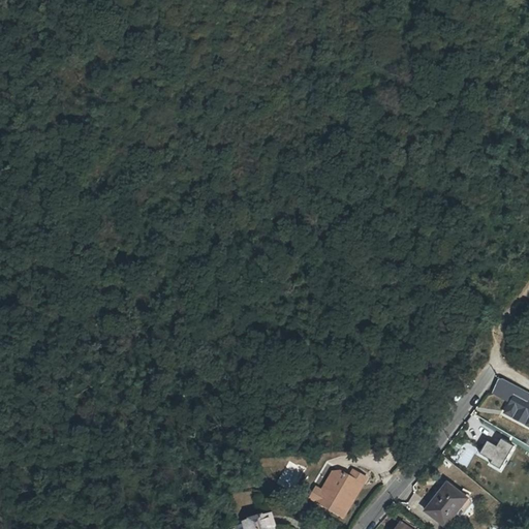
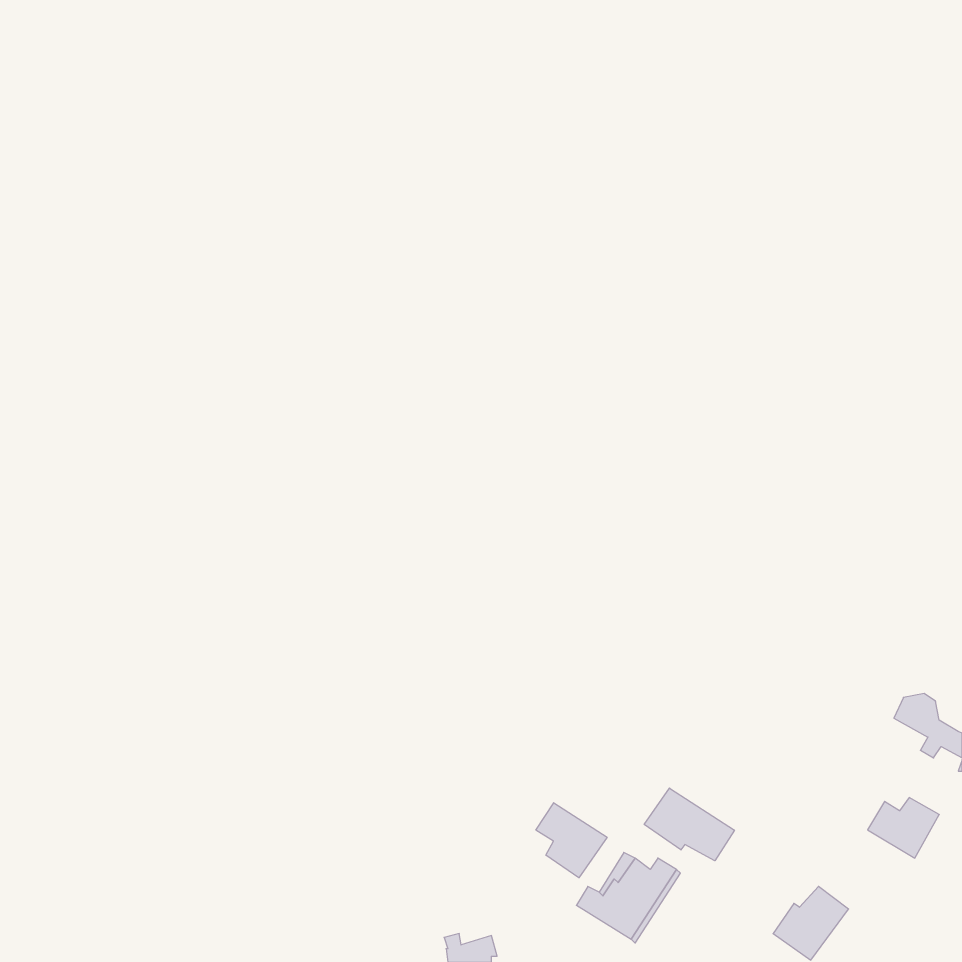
building: none -> [644,788,734,861]
building: none -> [536,803,607,878]

